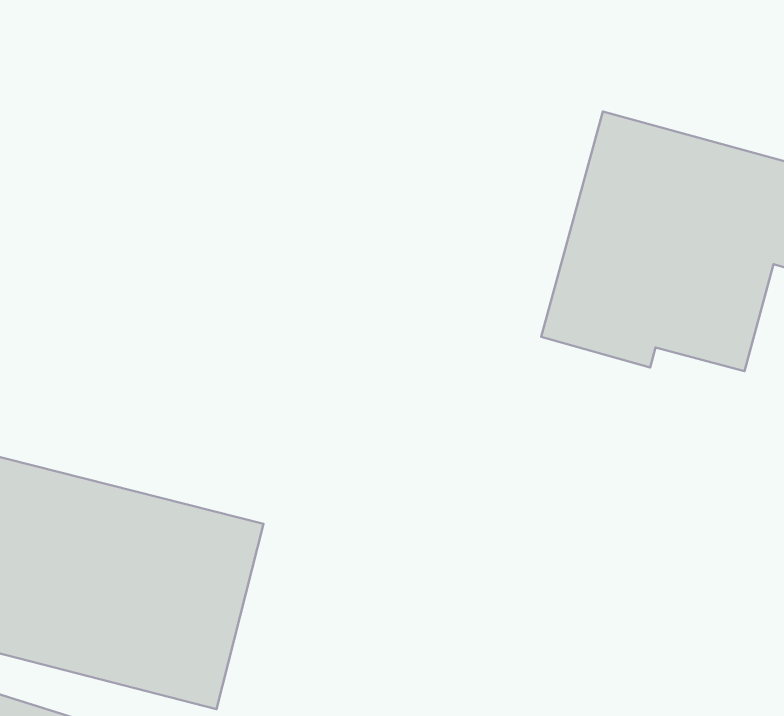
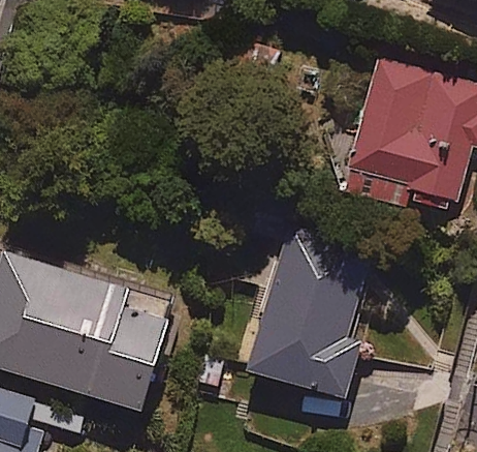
building: none -> [250,232,370,396]

